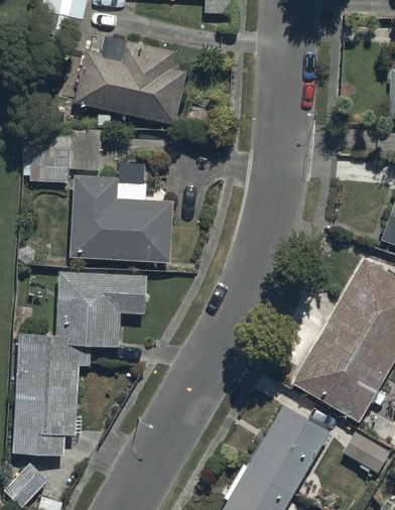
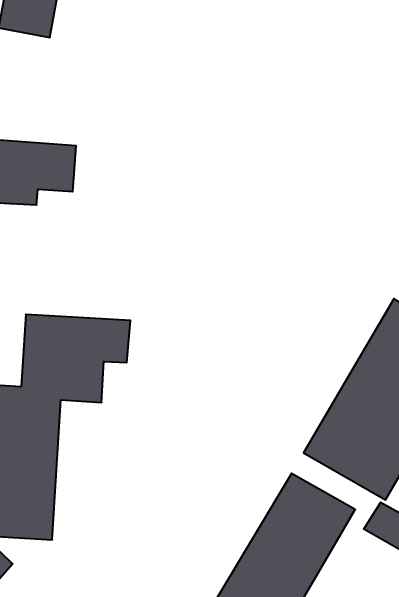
building: [77,36,191,127] -> none
building: [71,177,174,264] -> none

